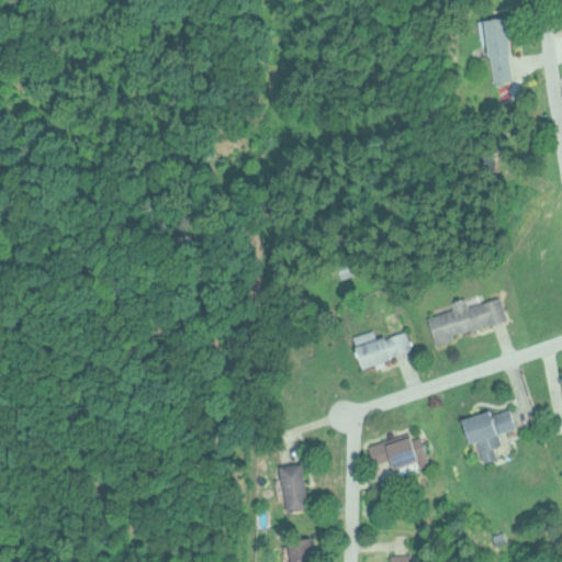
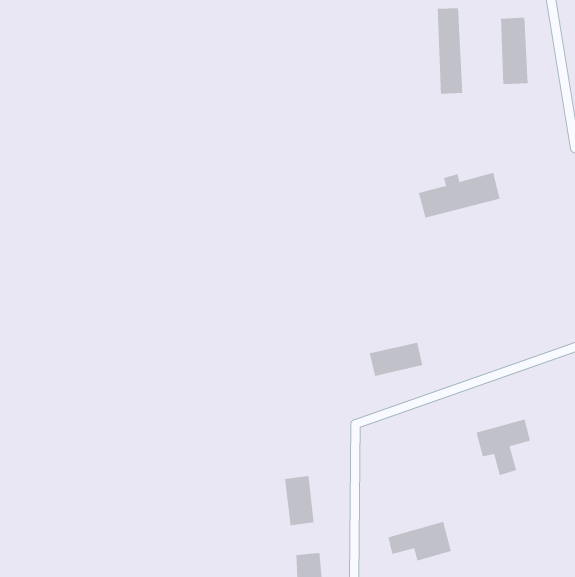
building: none -> [437,7,463,95]
building: [426,297,506,342] -> [418,172,501,218]
building: [366,431,428,471] -> [387,521,452,562]

